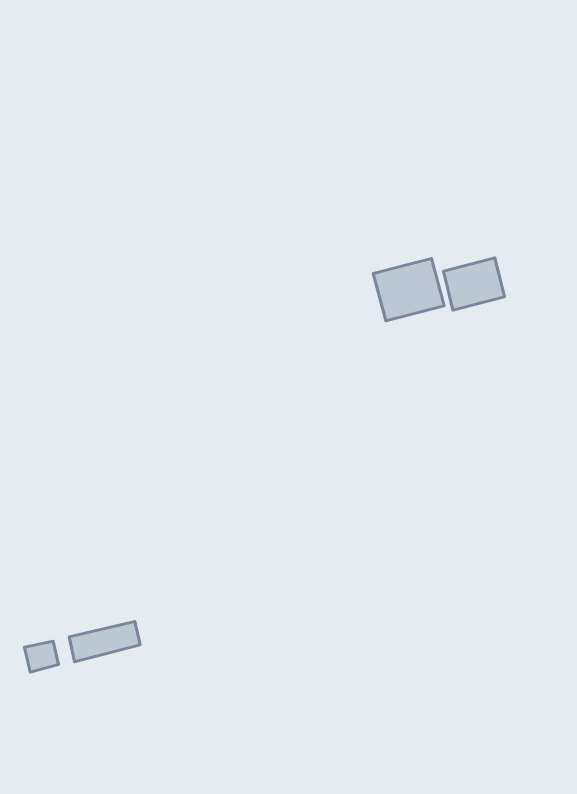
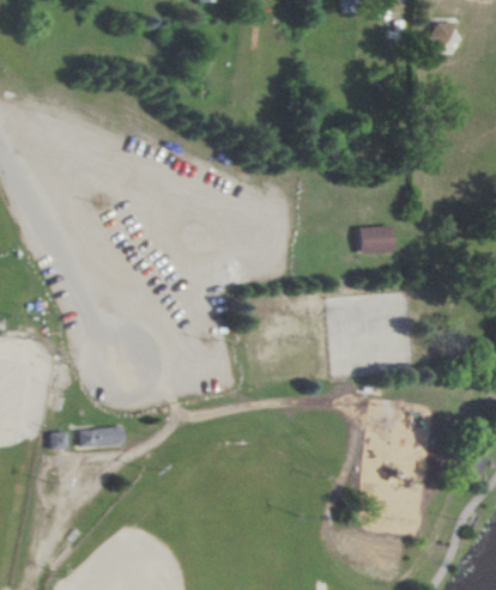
building: [373,258,444,321] -> none

